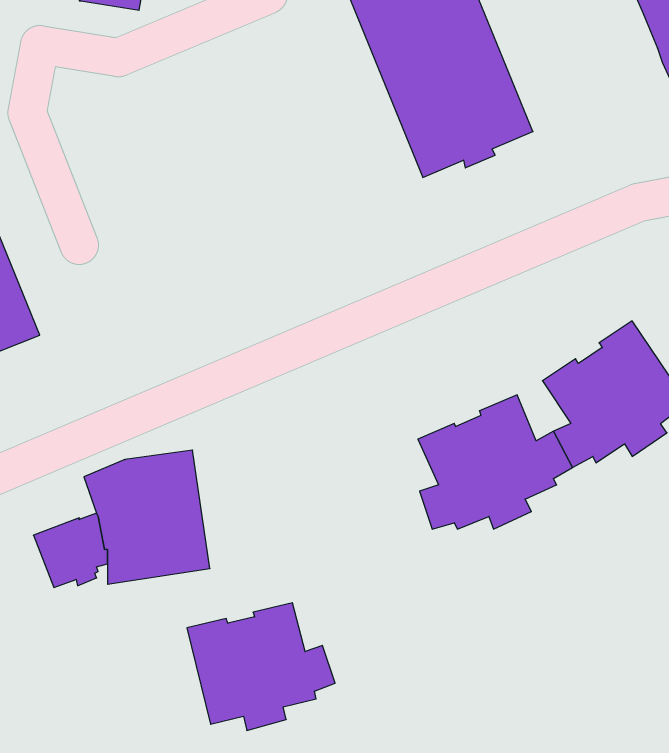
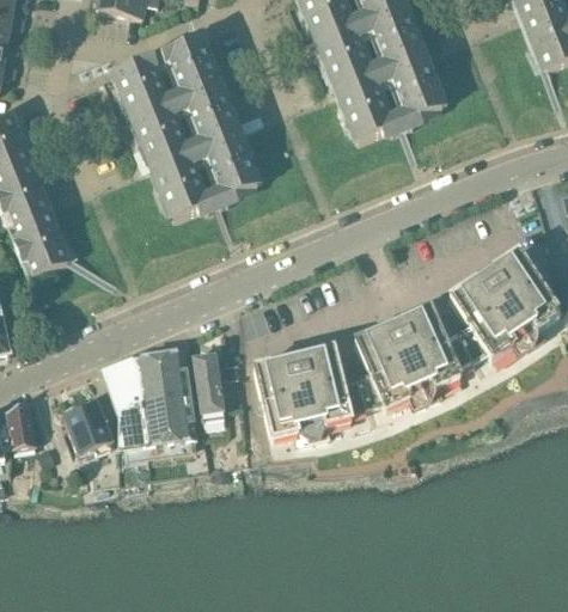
building: none -> [114,37,256,218]
building: none -> [193,350,224,417]
building: [187,603,335,730] -> [252,345,365,442]

